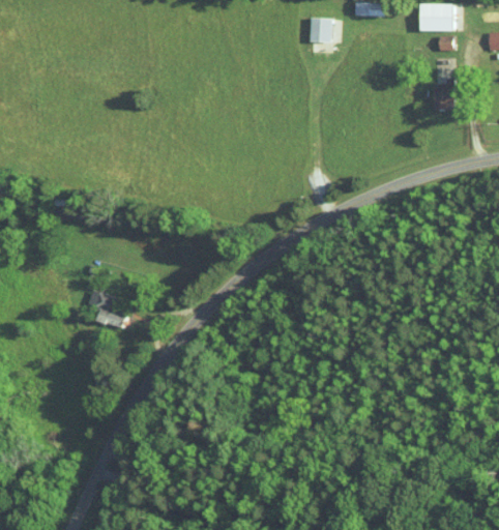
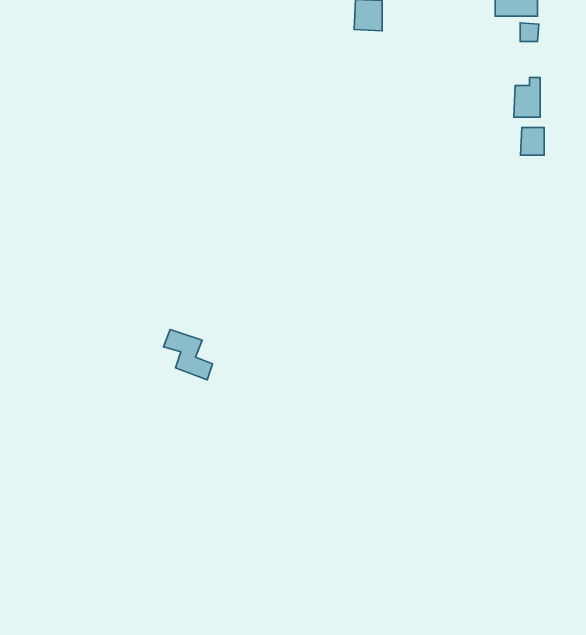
building: none -> [521,127,544,155]
building: [88,291,126,330] -> [163,329,213,380]

